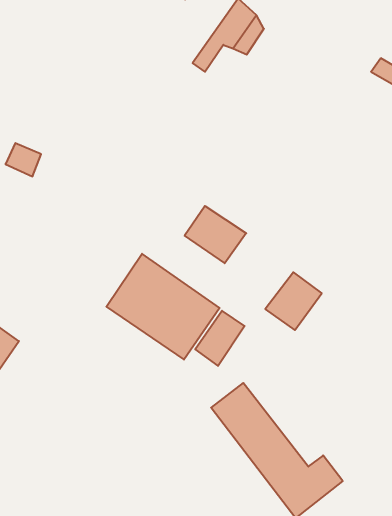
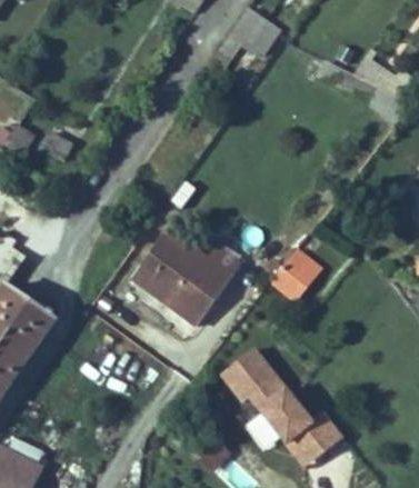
building: [185,206,246,263] -> none
building: [195,311,245,366] -> none

